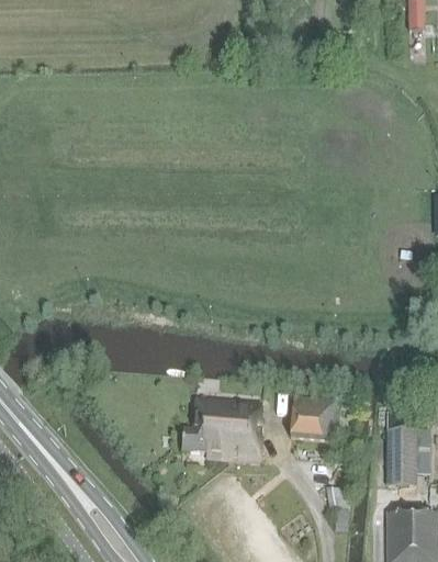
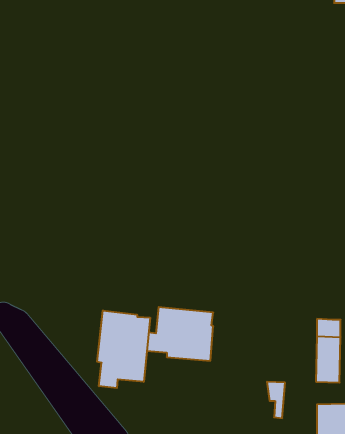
building: [291,394,337,439] -> none
building: none -> [97,310,150,388]

